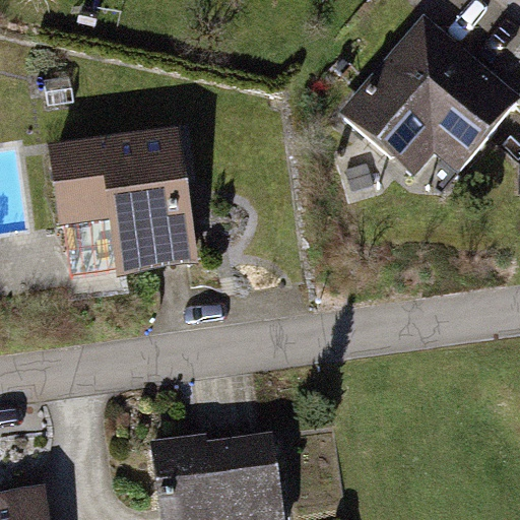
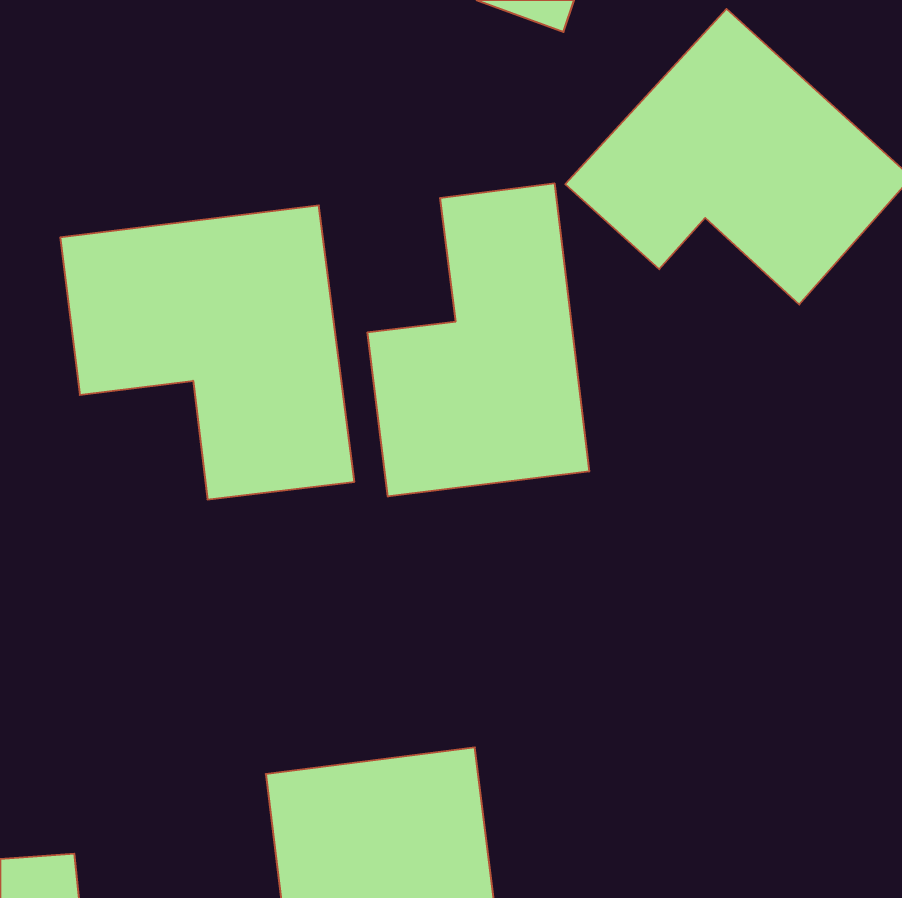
building: none -> [368,183,589,497]

